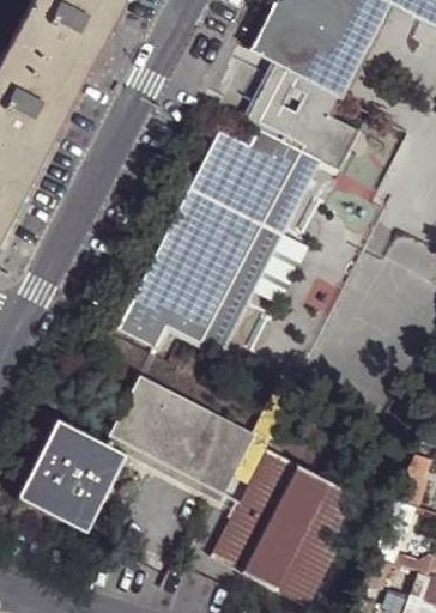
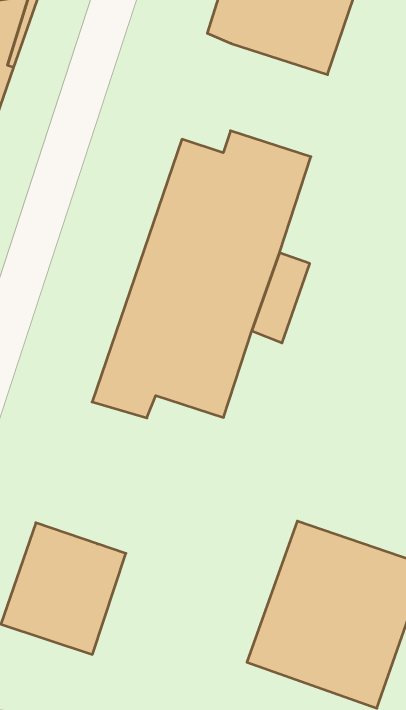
building: [243,61,362,170] -> none
building: [107,376,256,503] -> none

